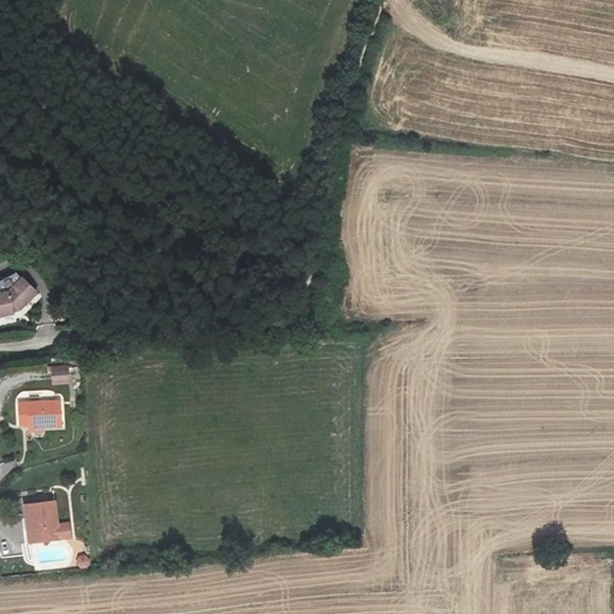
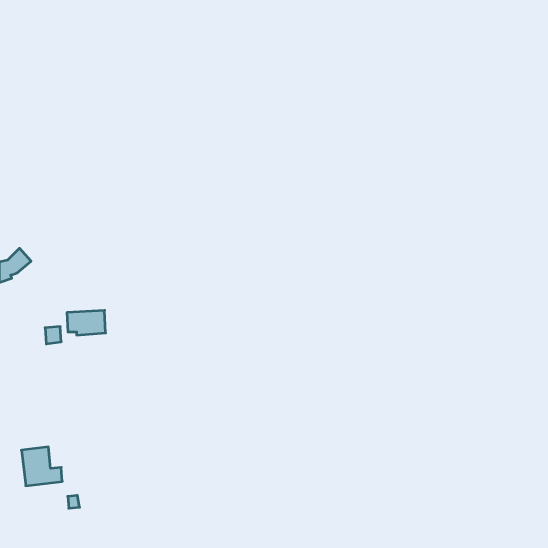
building: [18,401,61,428] -> [67,310,106,335]

